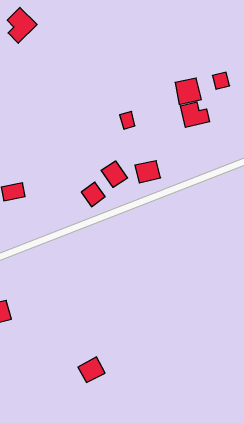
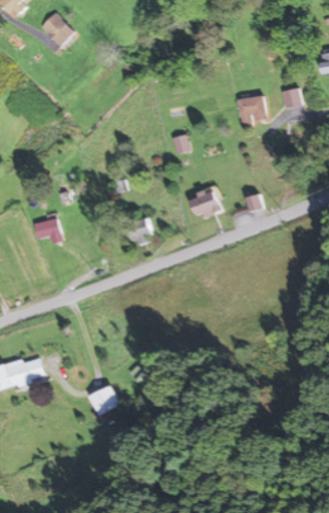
building: [181,102,210,127] -> none
building: [101,161,128,187] -> none
building: [78,357,105,382] -> [87,385,119,415]

